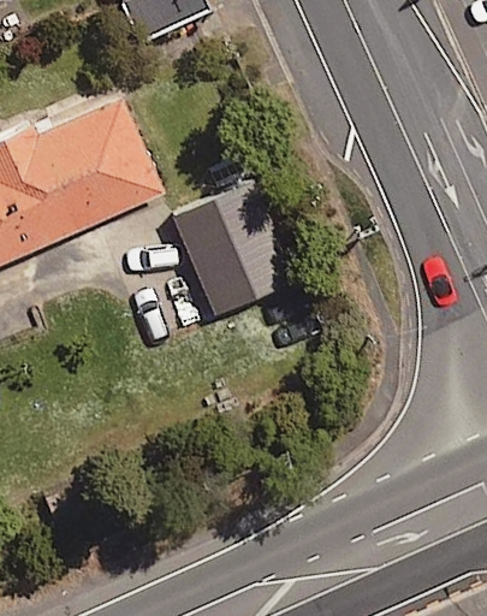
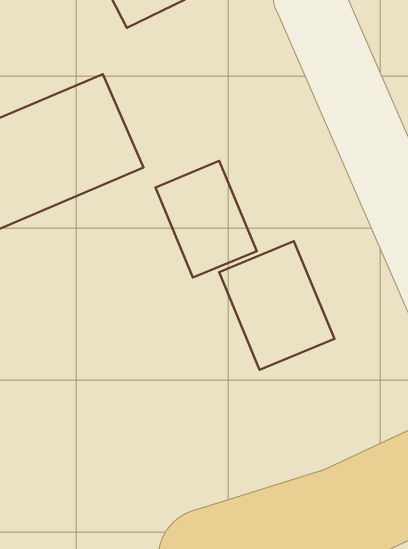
building: none -> [219,241,334,370]

